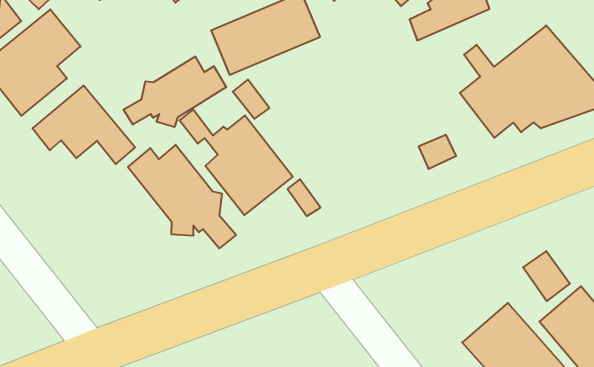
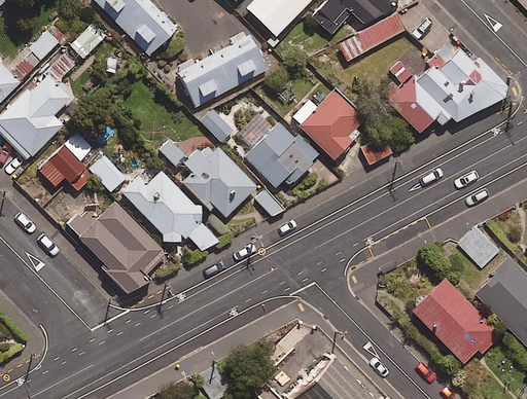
building: [123,56,226,127] -> none
building: none -> [291,92,364,161]
building: none -> [245,124,321,188]
building: none -> [68,203,166,299]

